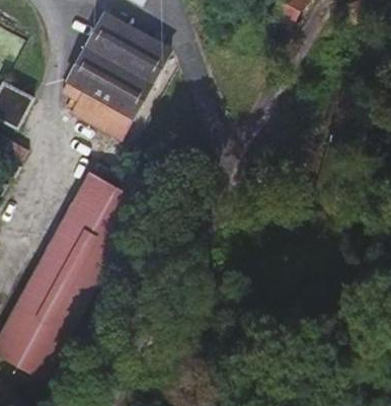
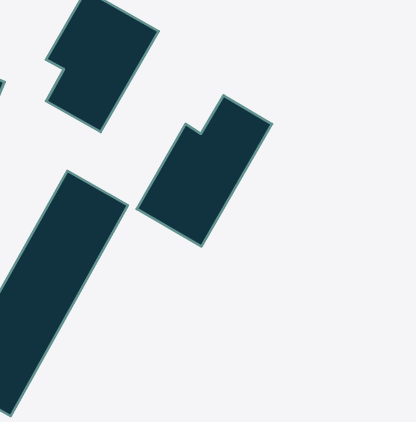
building: none -> [137,95,272,246]

